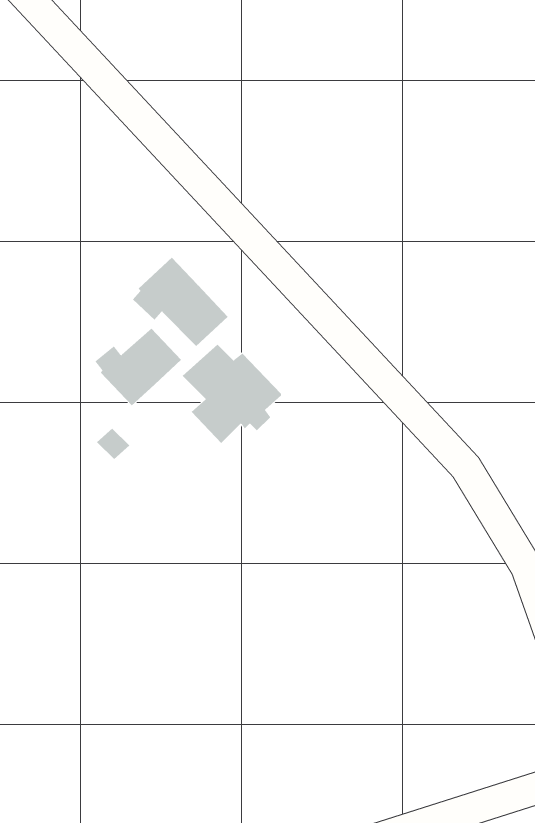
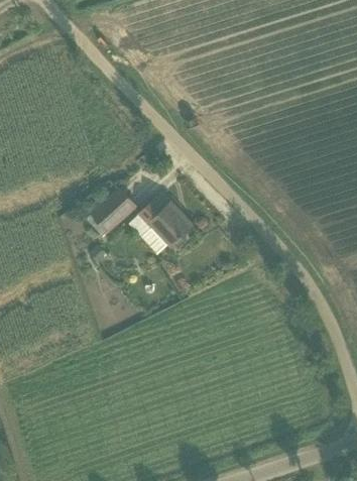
building: [132,257,228,347] -> none

